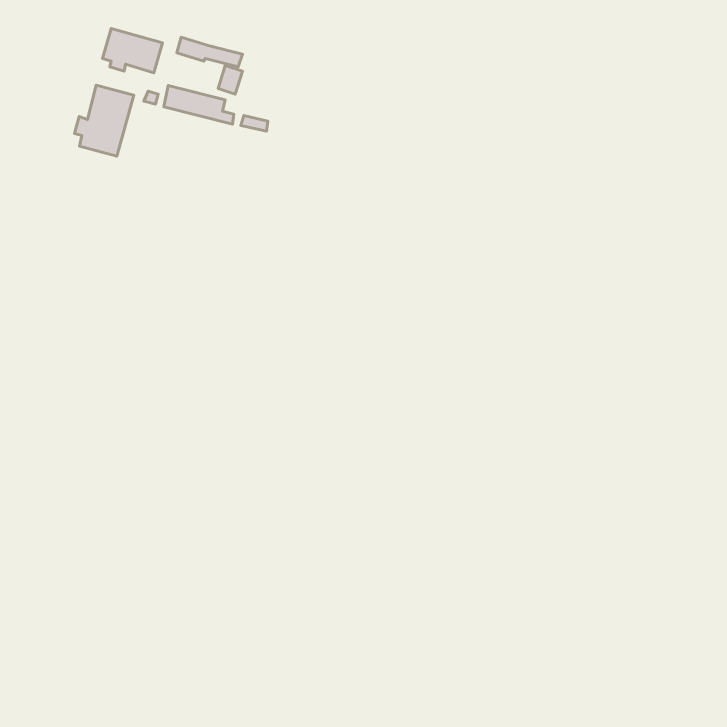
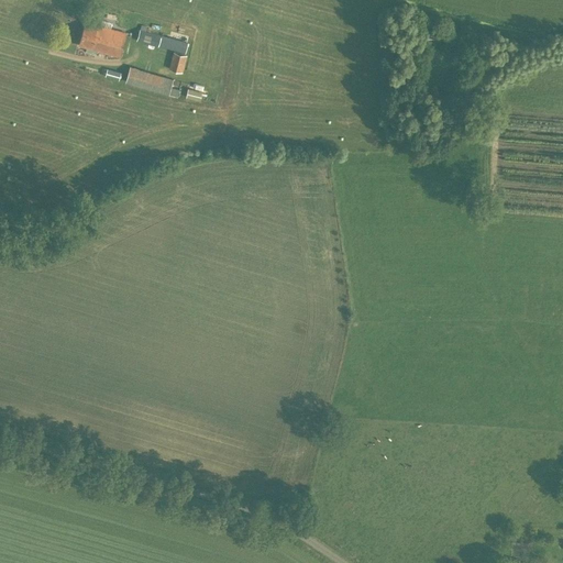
building: [75,85,134,156] -> none

